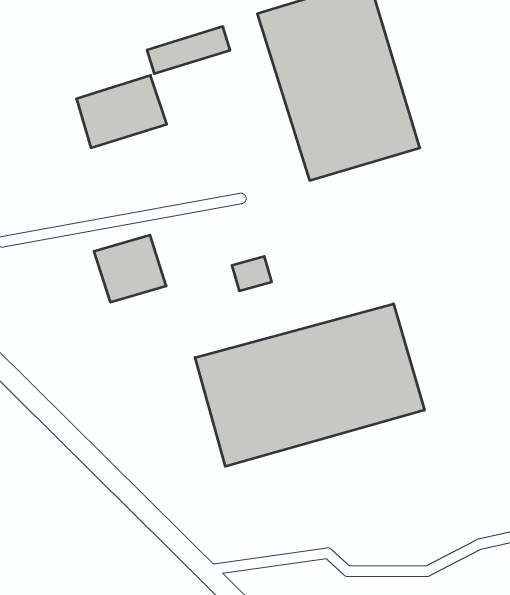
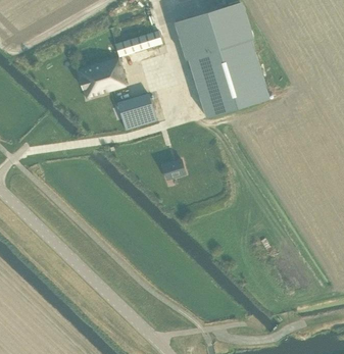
building: [94,235,166,302] -> [116,92,157,130]
building: [195,304,424,466] -> none

